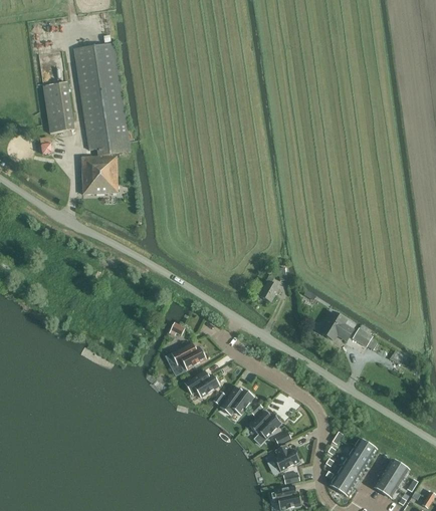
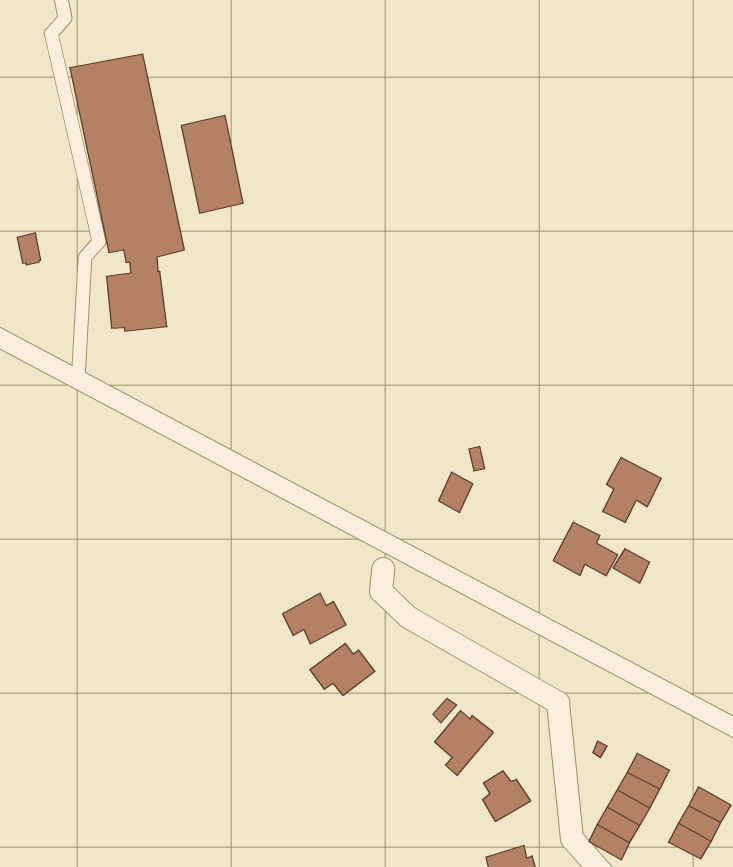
building: [42,81,73,134] -> [181,115,243,213]
building: none -> [603,457,661,523]
building: [219,386,253,415] -> none

